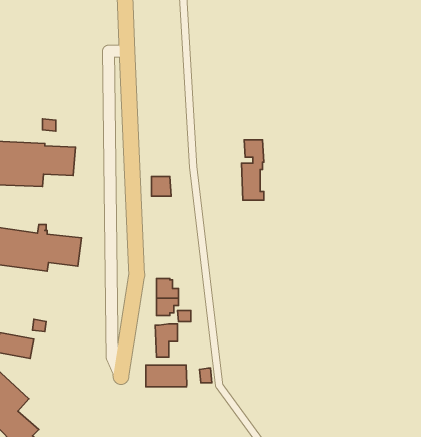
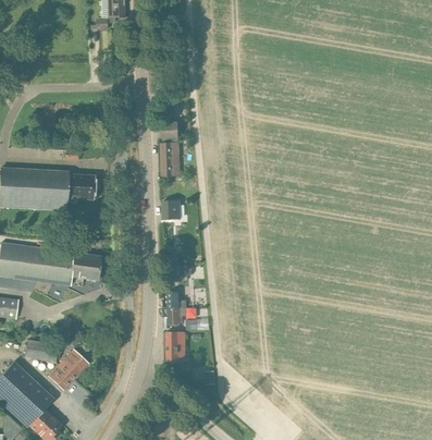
building: [242,140,264,200] -> [160,122,180,175]
building: none -> [49,349,88,389]
building: [146,365,187,387] -> none

